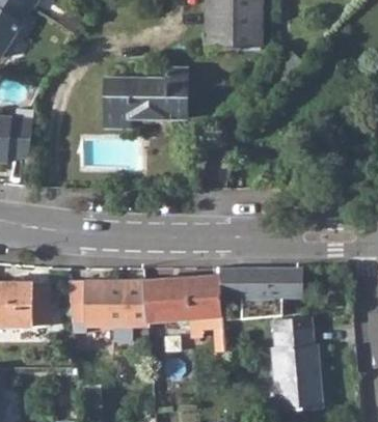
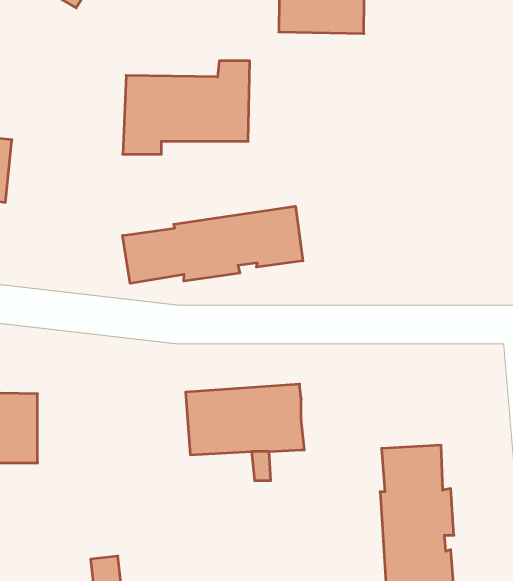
building: none -> [123,206,303,283]
building: [218,266,302,319] -> none
building: [71,281,148,342] -> none

